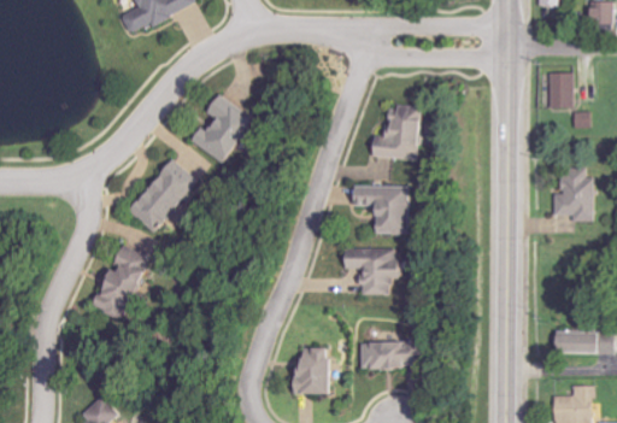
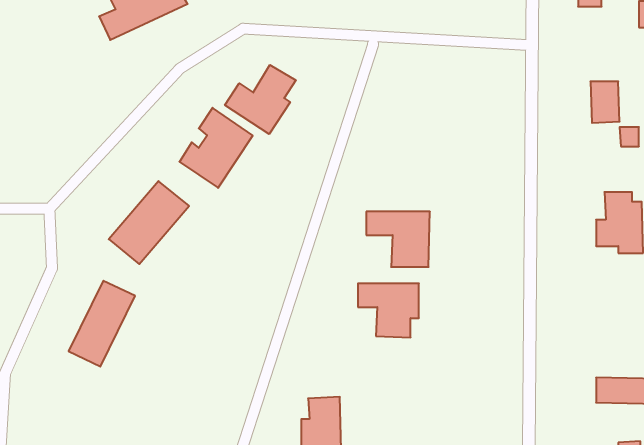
building: none -> [225,65,296,134]
building: [372,105,421,160] -> none
building: [359,340,427,368] -> none

